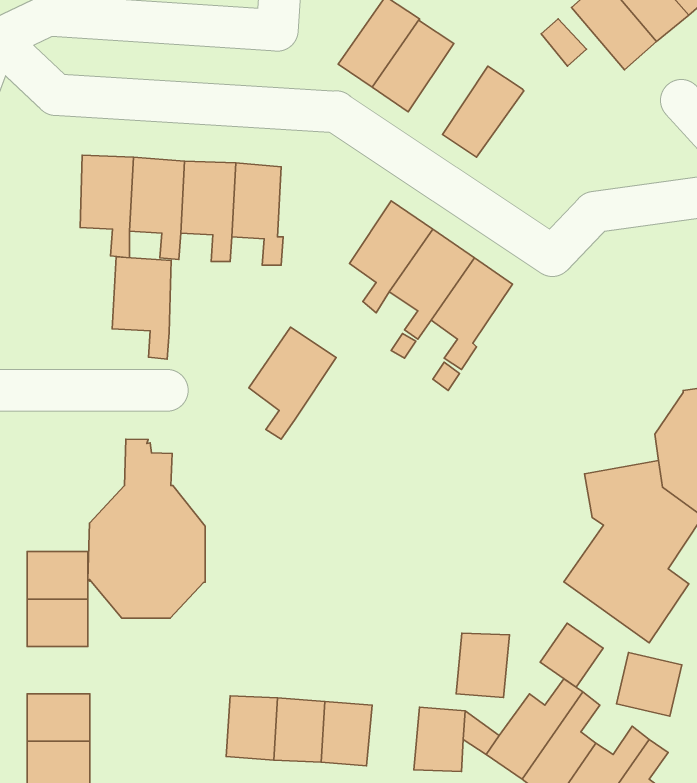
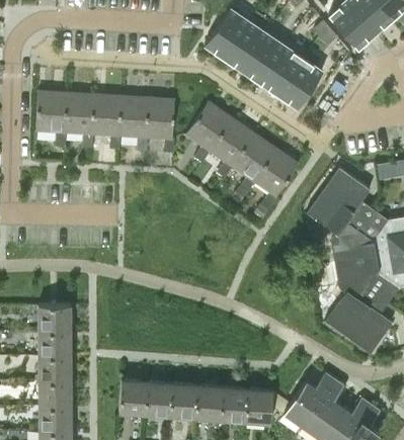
building: none -> [242,34,285,83]
building: none -> [278,60,322,108]
building: [112,257,171,359] -> [36,92,68,147]
building: none -> [307,168,389,264]
building: [249,327,336,439] -> [186,102,233,162]
building: [88,439,205,618] -> none
building: [540,623,603,687] -> none
building: [456,633,509,698] -> [220,387,248,422]
building: none -> [38,356,72,381]
building: [617,653,682,716] -> none
building: none -> [119,380,147,415]

